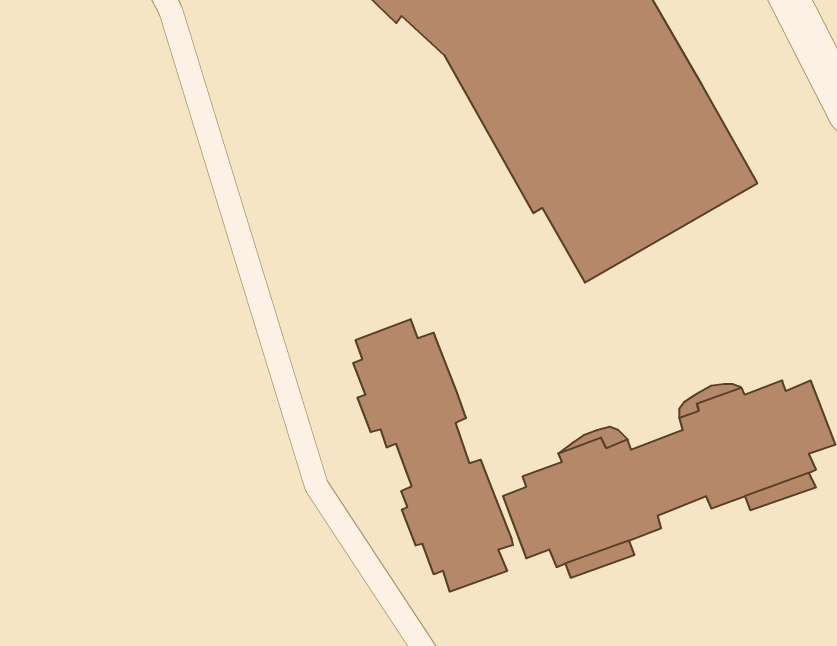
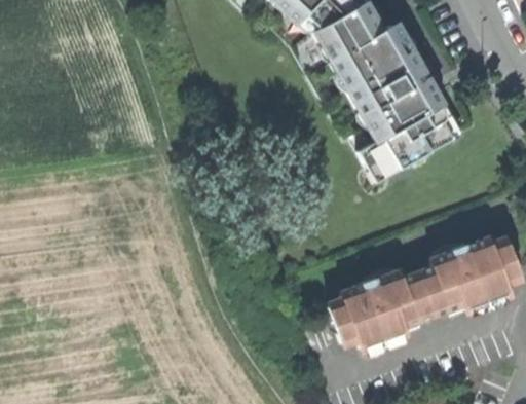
building: [353,319,513,592] -> none

